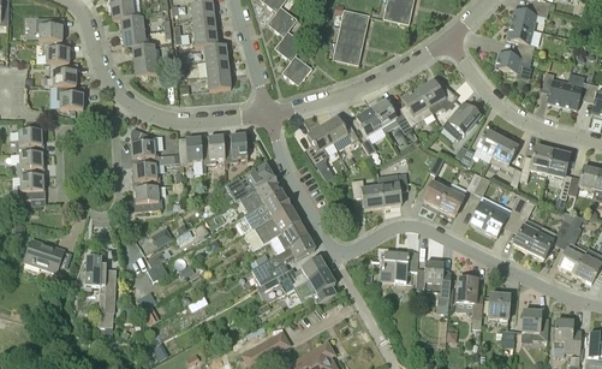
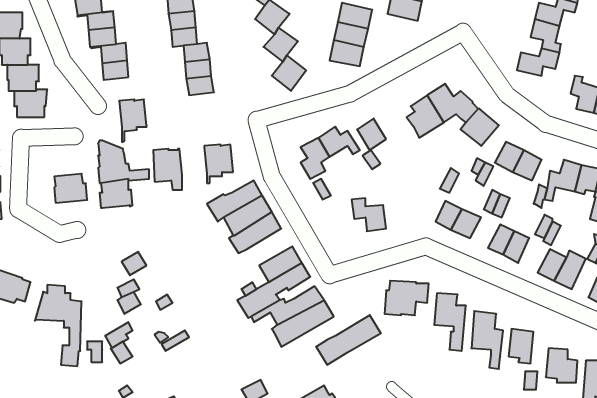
building: [370,101,411,132] -> none
building: [201,135,225,172] -> [119,99,147,142]
building: [379,172,407,206] -> none
building: [133,185,162,210] -> [54,174,87,203]
building: [243,206,299,249] -> [316,315,381,365]

